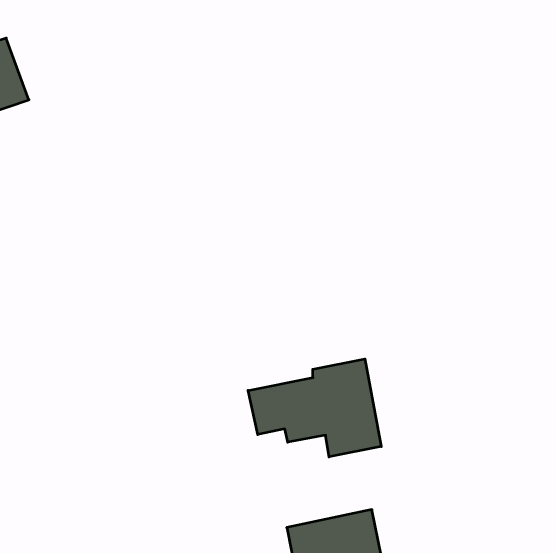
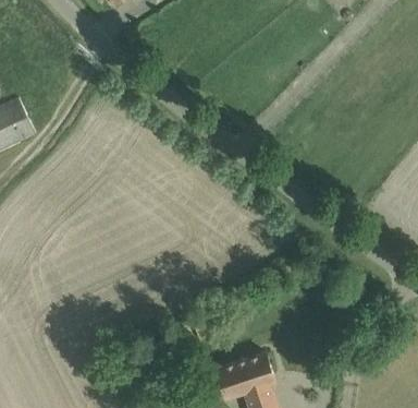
building: [248,359,381,457] -> none

